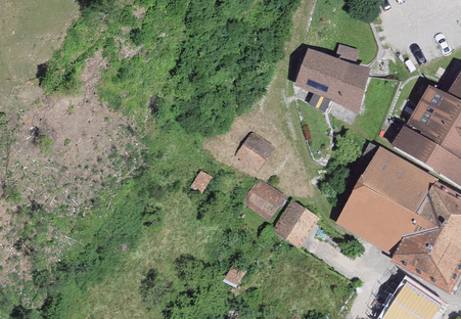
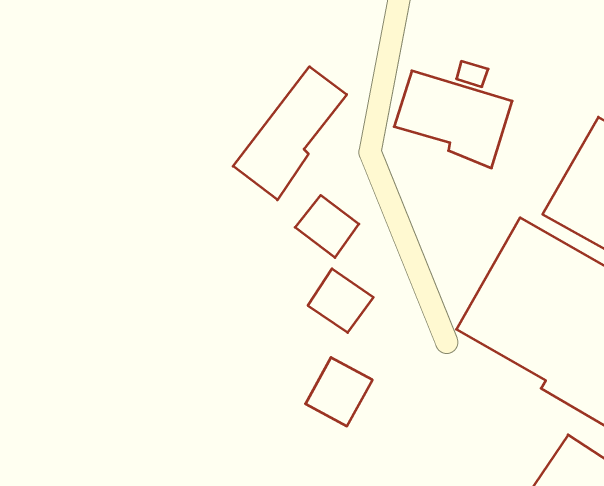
building: none -> [233,67,347,200]
building: [274,202,317,246] -> [305,357,372,426]

